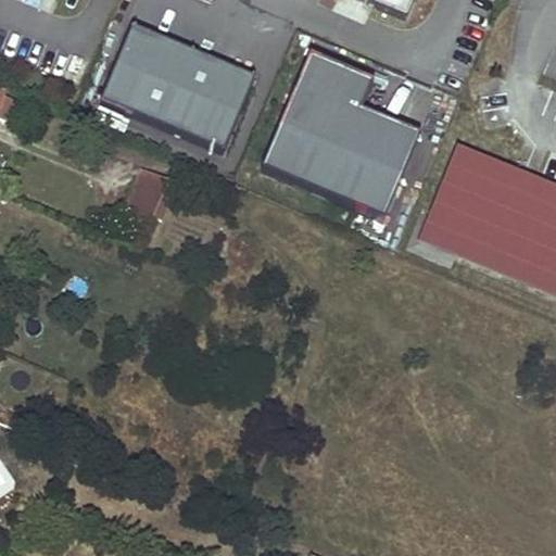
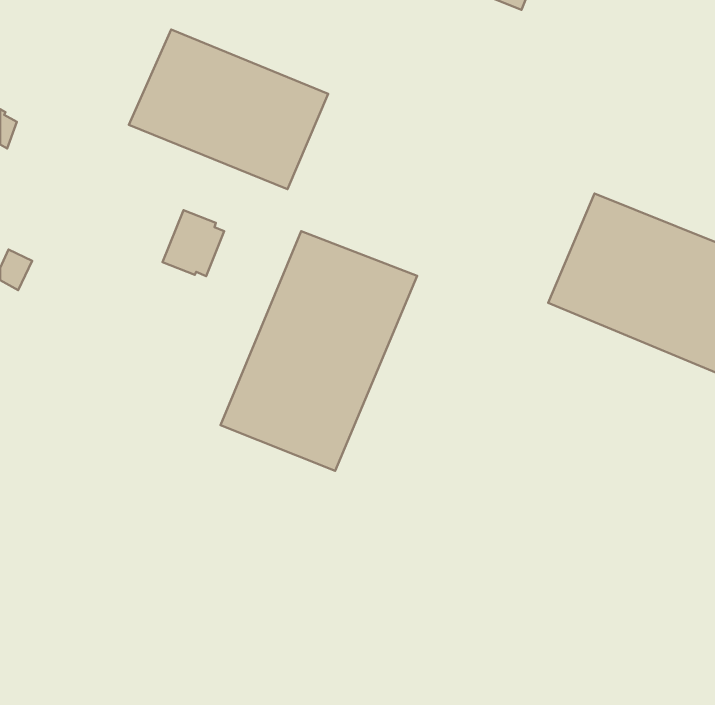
building: [262,51,418,215] -> none
building: none -> [220,231,417,471]

